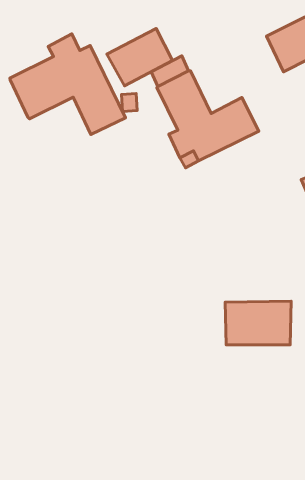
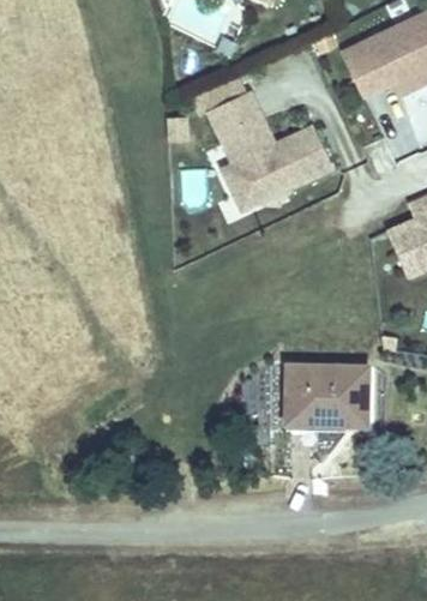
building: [107,28,172,86] -> none
building: [10,34,126,135] -> none

